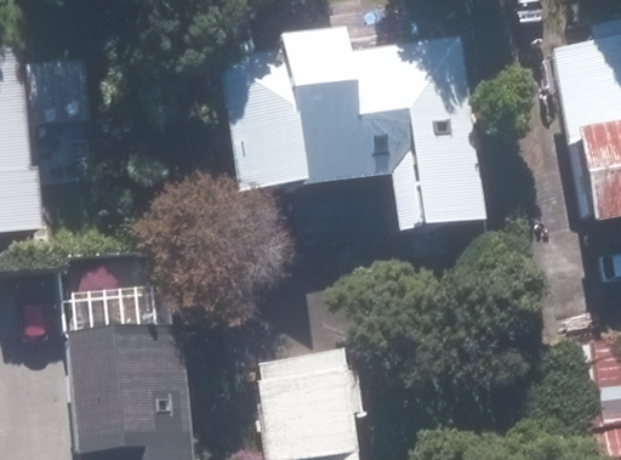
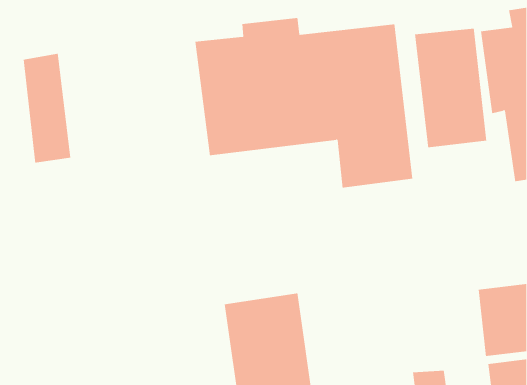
building: none -> [415,28,487,148]
building: [70,330,188,445] -> none

